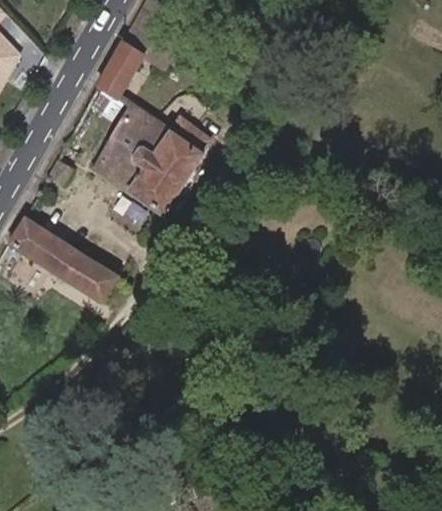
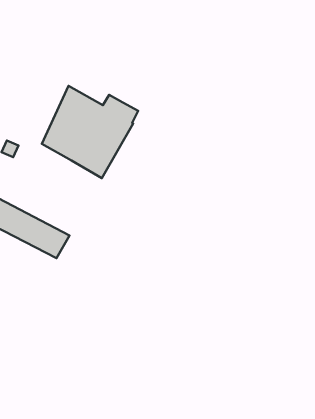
building: [98,40,144,99] -> none

